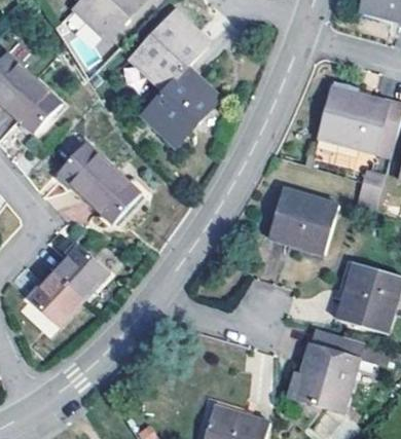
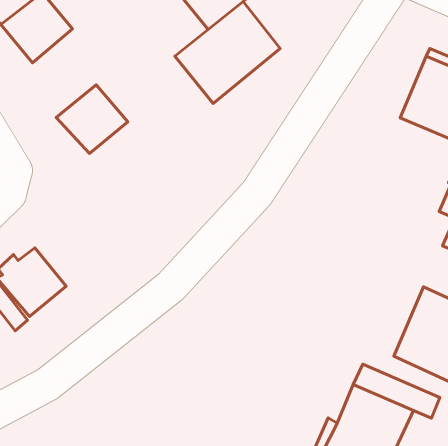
building: [85,169,139,222] -> none
building: [266,190,336,254] -> none
building: [53,245,108,299] -> none

